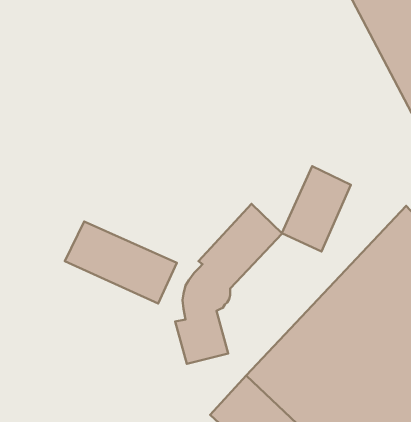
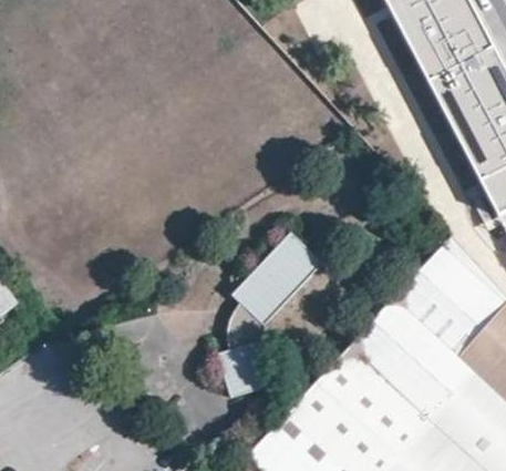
building: [282,166,351,251] -> none
building: [65,222,177,303] -> none

